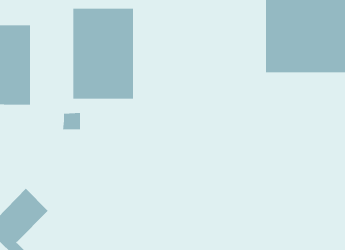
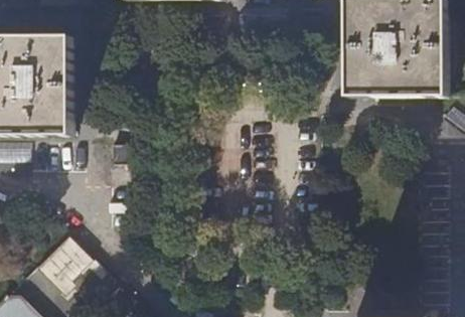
building: [73,8,134,100] -> none

